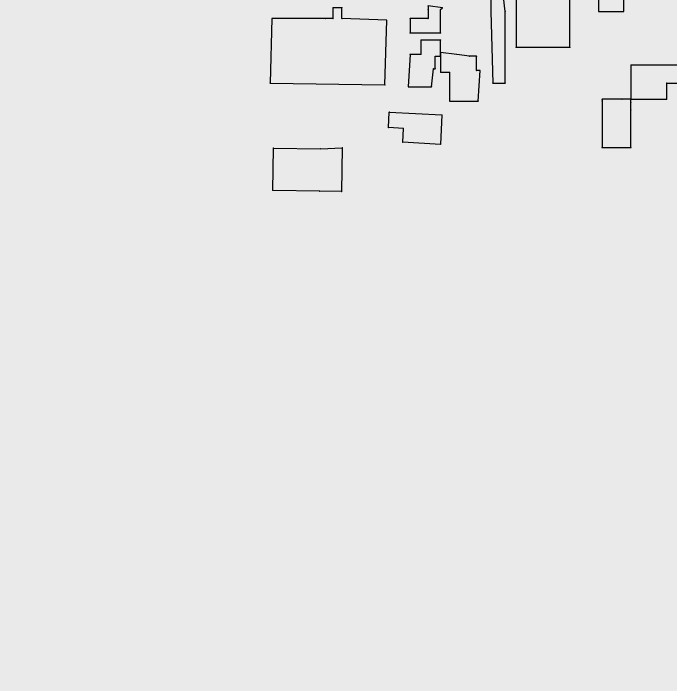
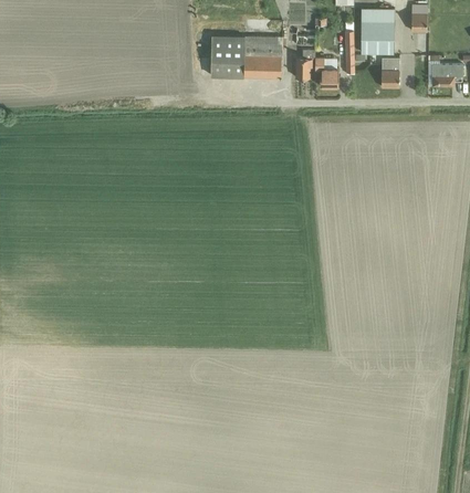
building: [602,99,631,148] -> [382,57,399,87]
building: [388,112,442,144] -> none
building: [273,148,342,192] -> none

